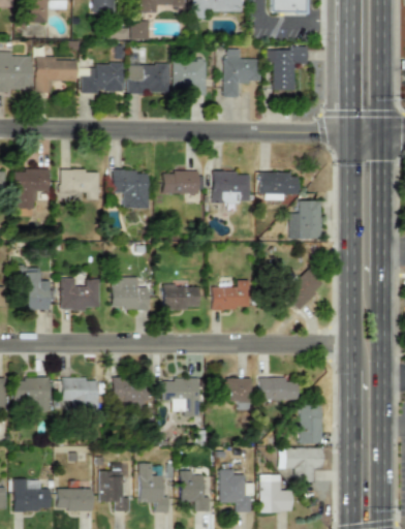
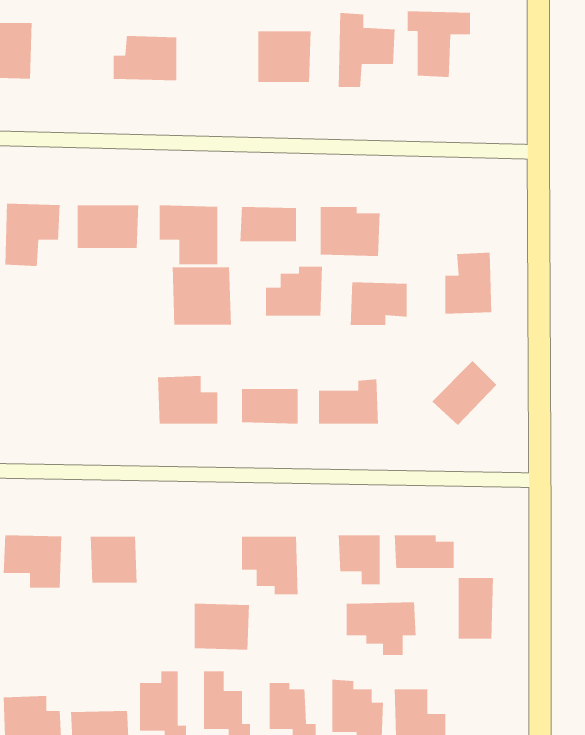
building: [35,57,77,92] -> none
building: [128,63,169,94] -> none
building: [261,172,298,199] -> [350,281,407,326]
building: none -> [265,266,323,317]
building: none -> [172,267,232,325]
building: [21,267,50,310] -> none
building: [61,277,99,309] -> none
building: [113,377,148,407] -> [194,603,250,651]
building: [279,446,323,480] -> [346,602,417,656]

